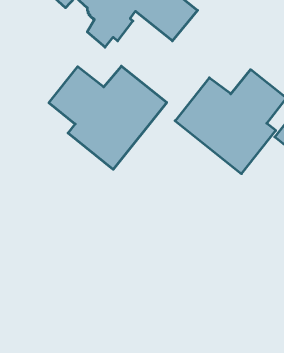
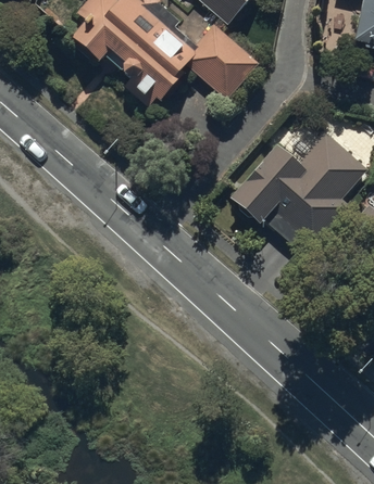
building: [49,66,167,169] -> none

